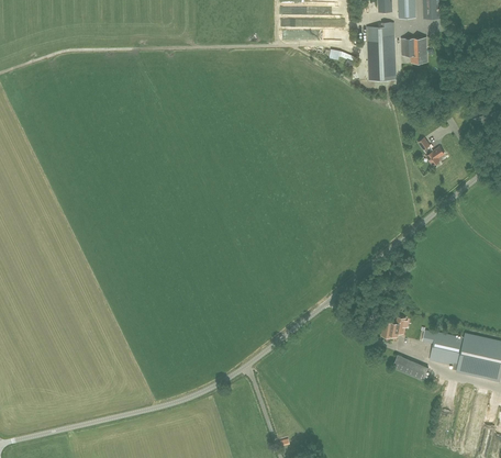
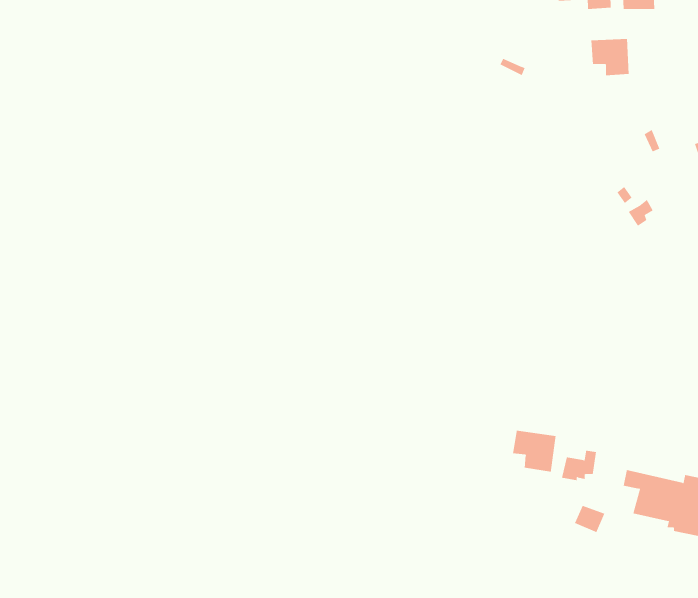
building: [367,22,397,80] -> none
building: none -> [513,430,556,473]

